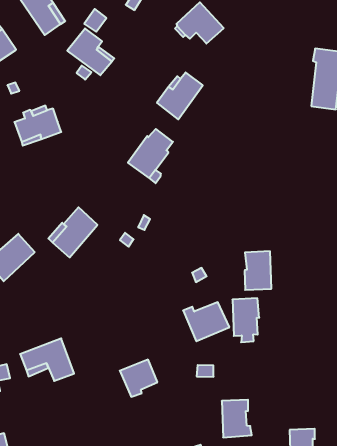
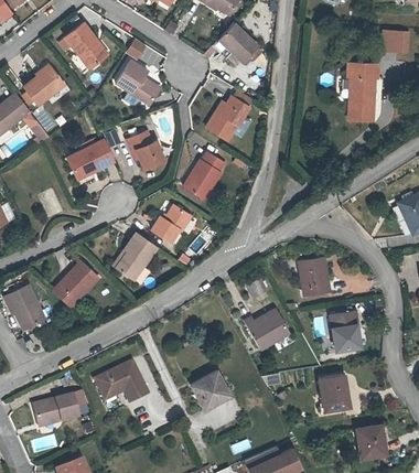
building: none -> [128,129,165,166]
building: none -> [151,204,192,241]
building: [232,298,259,342] -> [332,313,359,357]
building: [222,400,252,437] -> [322,375,354,413]

